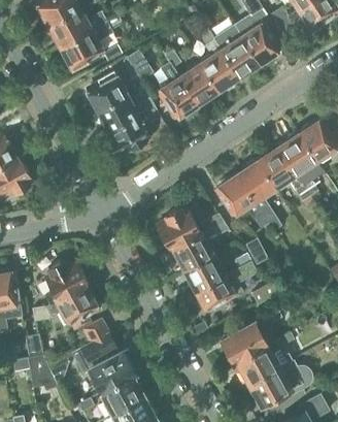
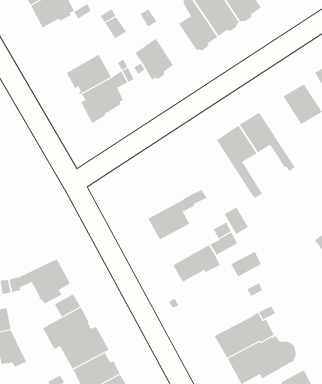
building: [180,64,218,103] -> none
building: [86,71,128,110] -> none
building: [278,133,322,201] -> none
building: [214,174,268,228] -> none
building: [157,208,224,250] -> none
building: [183,254,225,293] -> none
building: [44,258,91,304] -> none
building: [221,322,267,364] -> none

